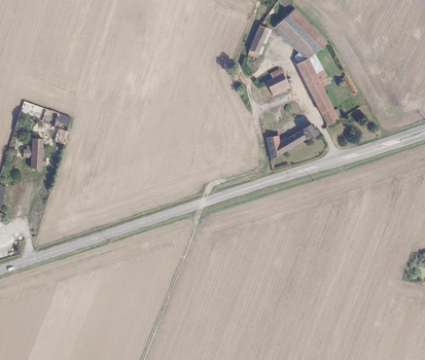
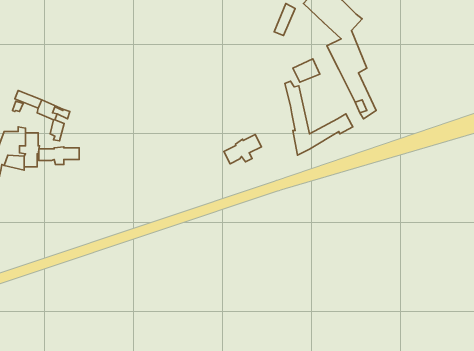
building: none -> [224,134,261,164]
building: none -> [39,147,79,165]

